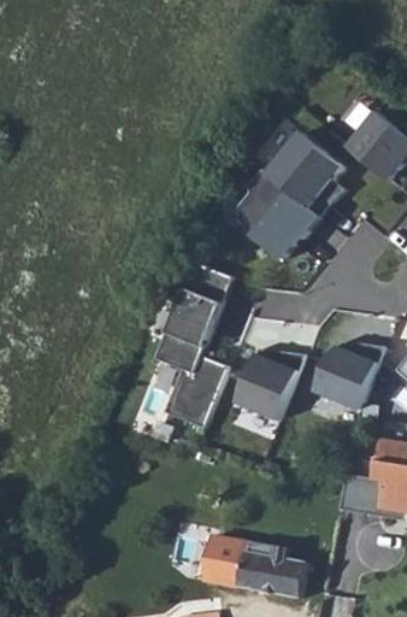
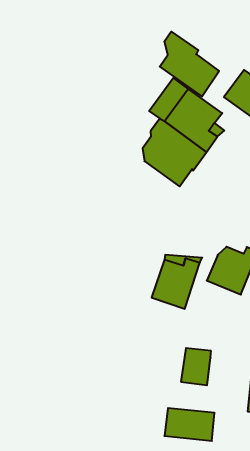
building: none -> [160,32,219,96]
building: [157,260,235,428] -> none
building: [206,534,248,584] -> [181,348,211,385]

